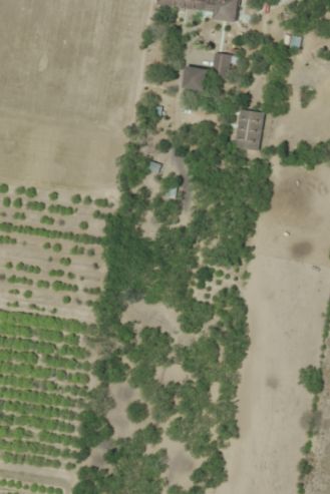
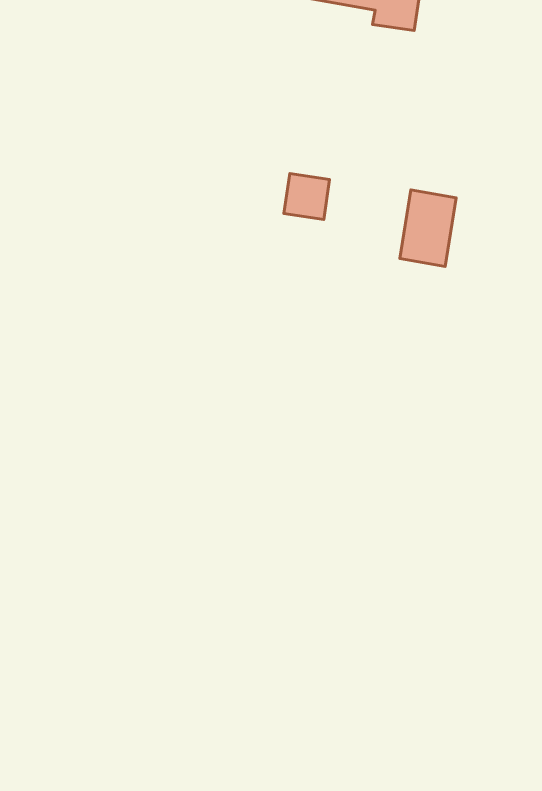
building: [212,53,229,79] -> none
building: [184,66,208,90] -> [284,174,330,219]

